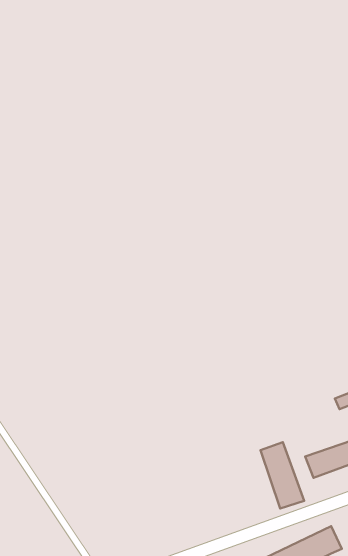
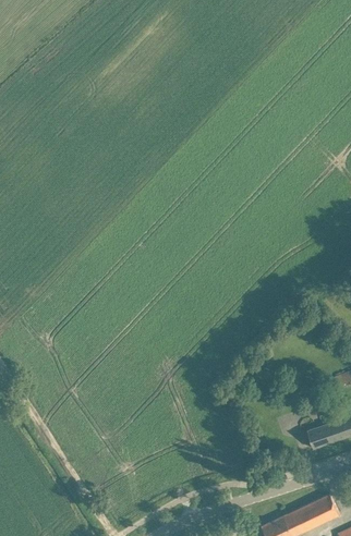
building: [260,442,304,509] -> none

